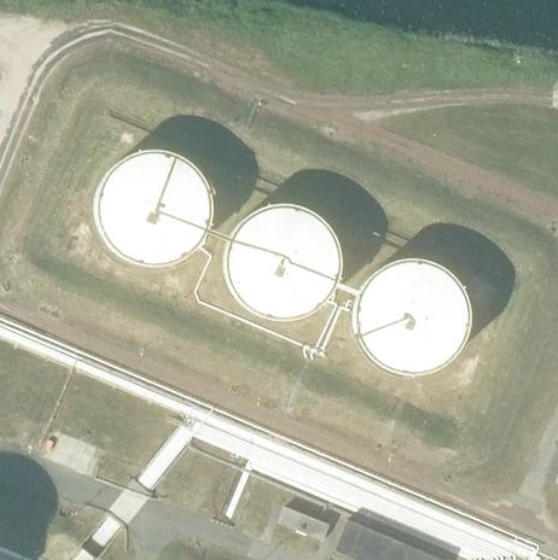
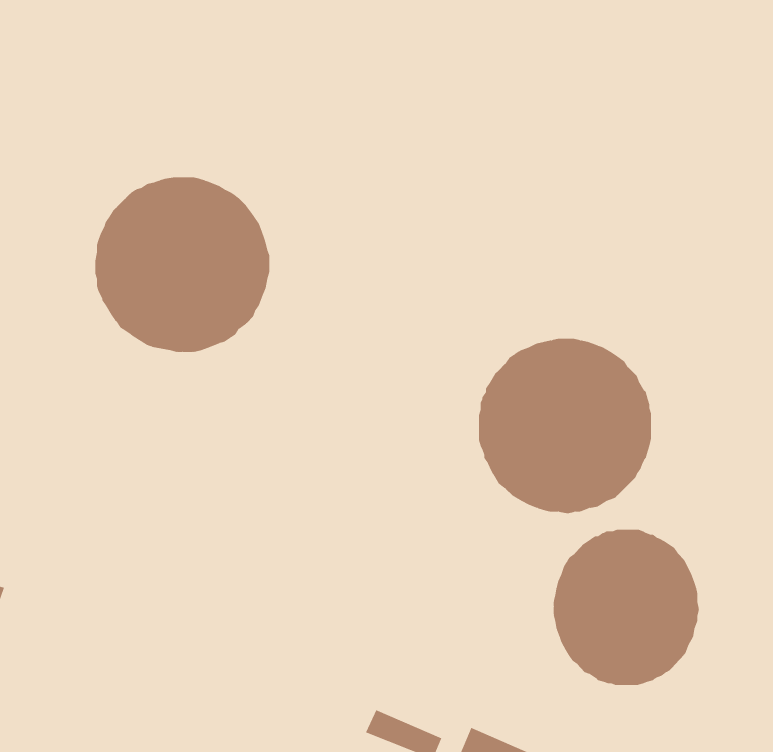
building: [225,203,342,320] -> none
building: none -> [553,529,699,686]

